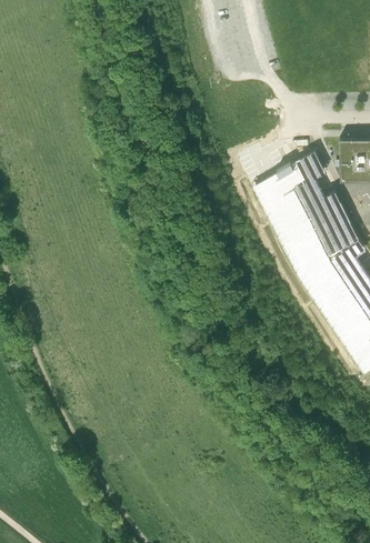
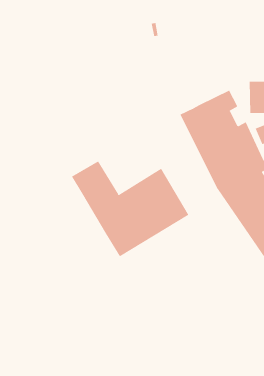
building: none -> [71,160,189,257]

